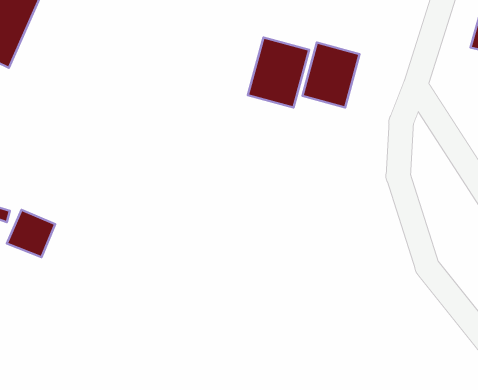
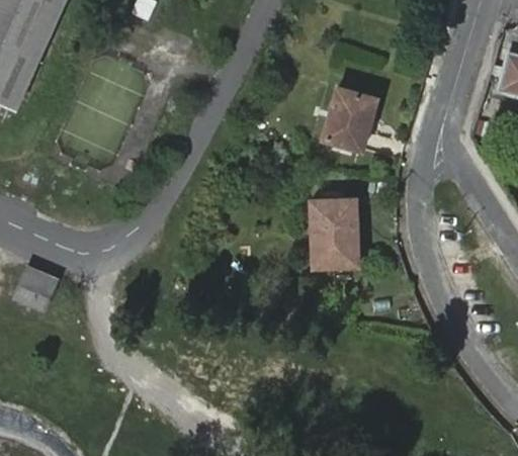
building: [248,37,309,108] -> none
building: none -> [307,197,361,271]

